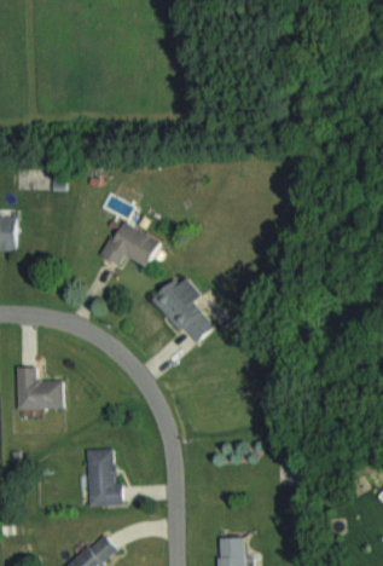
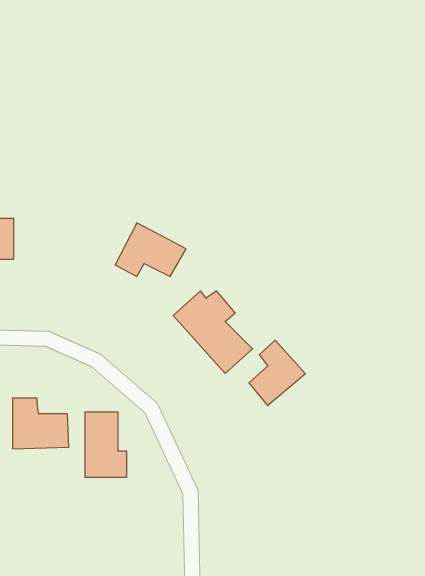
building: none -> [249,340,305,406]
building: [86,450,121,504] -> [85,412,127,477]

